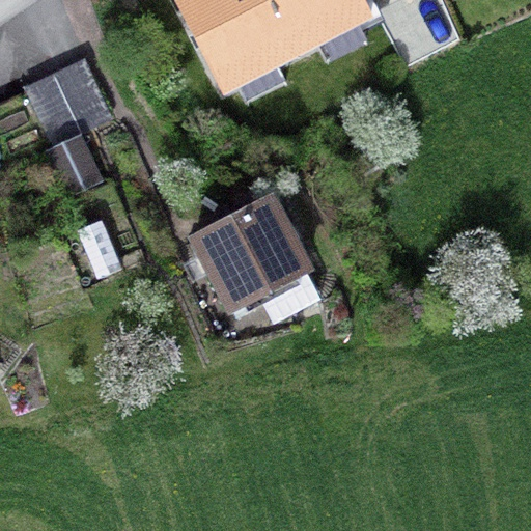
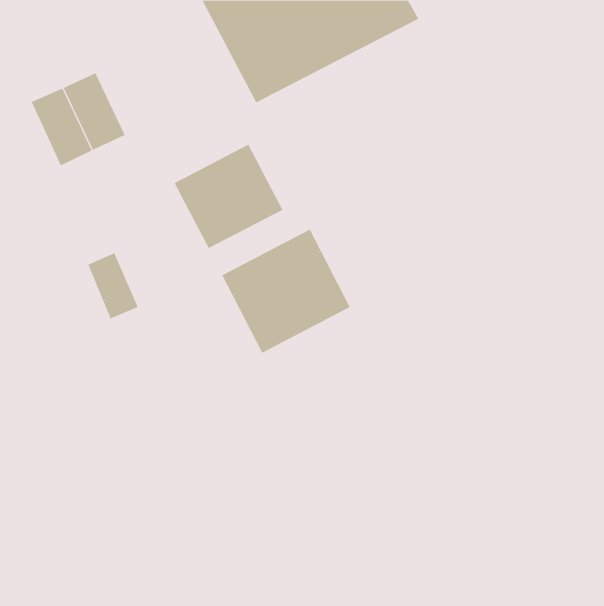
building: none -> [174,144,283,249]

